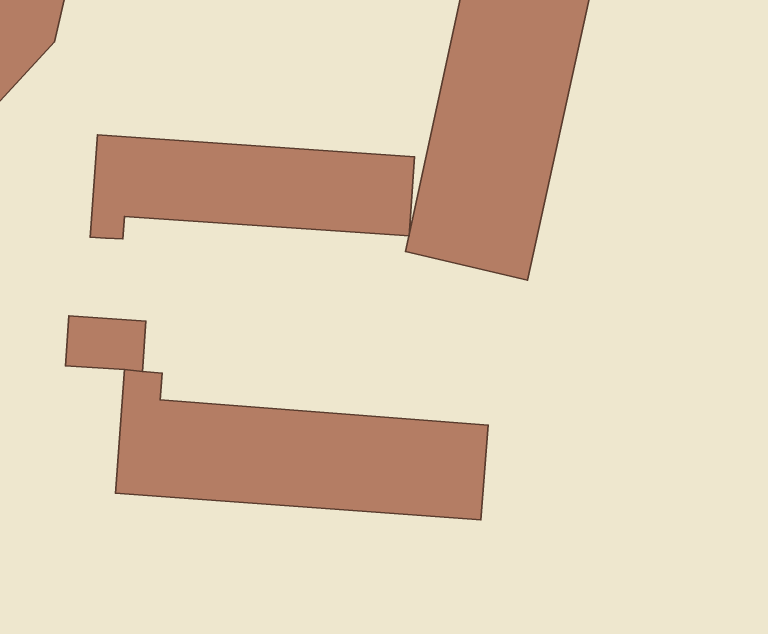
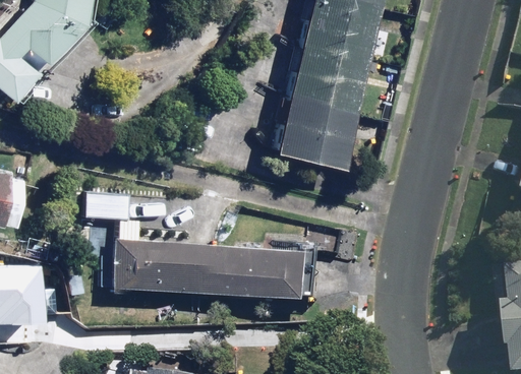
building: [90,135,414,239] -> none

